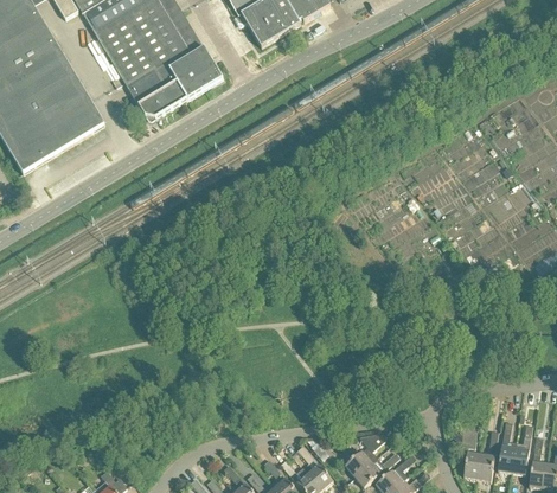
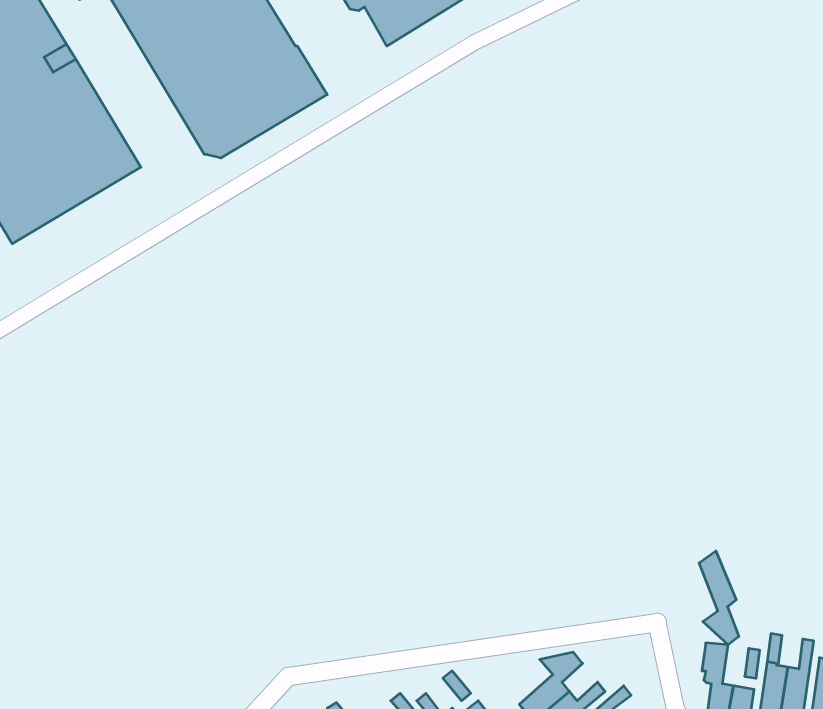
building: none -> [699,551,739,645]

